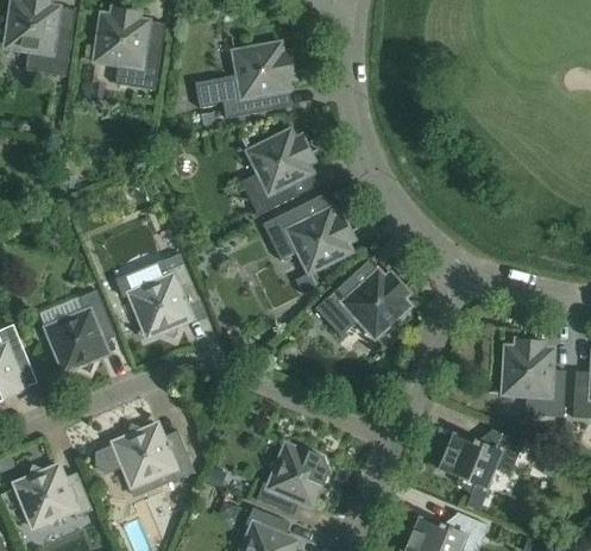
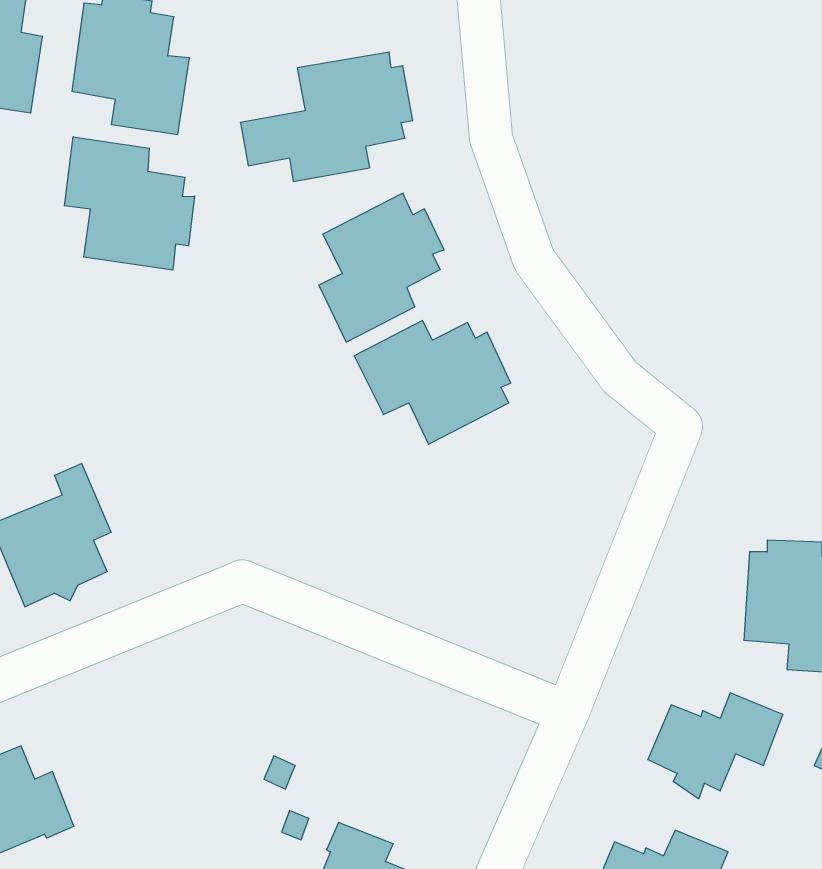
building: none -> [65,137,195,270]
building: [113,253,197,342] -> none
building: [314,265,414,351] -> none
building: [93,420,194,491] -> none
building: [256,439,329,512] -> none

